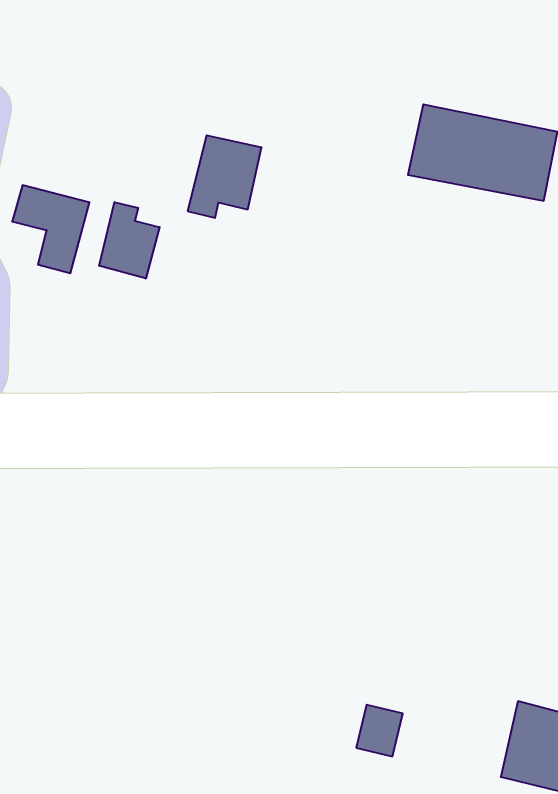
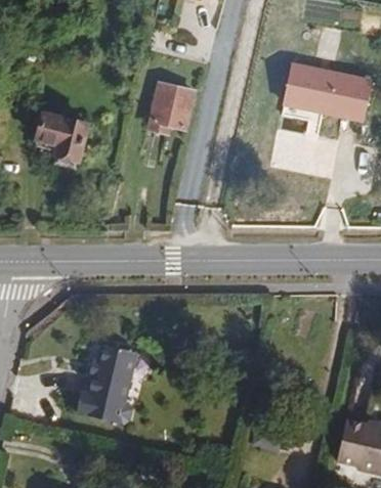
building: [99,202,160,279] -> none
building: none -> [80,344,136,422]

